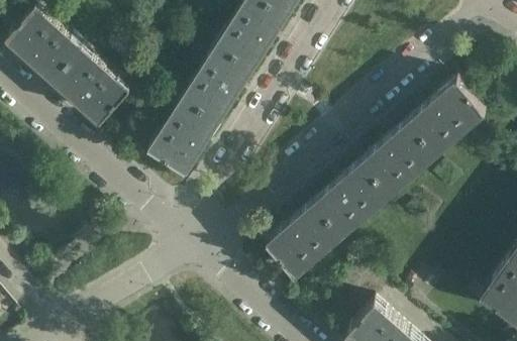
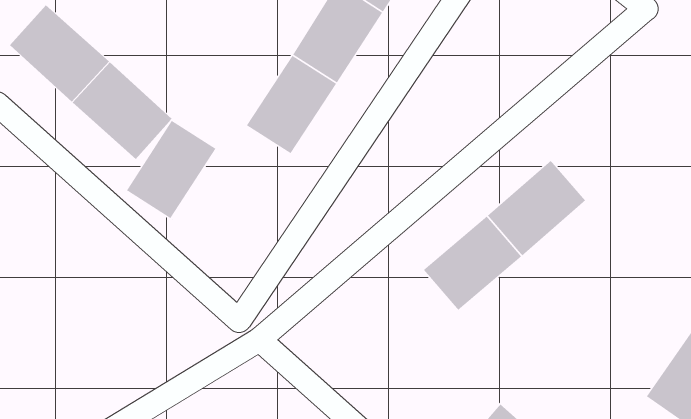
building: [409,82,485,154] -> none
building: [147,99,216,174] -> [124,120,216,221]
building: [266,206,340,279] -> none

